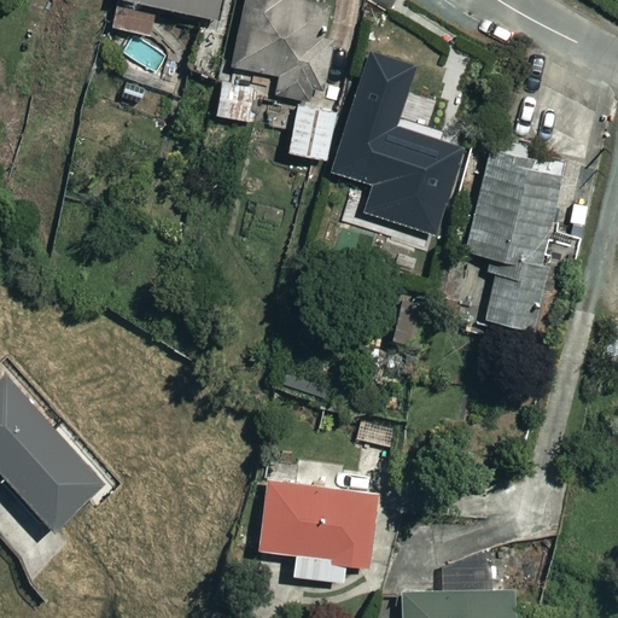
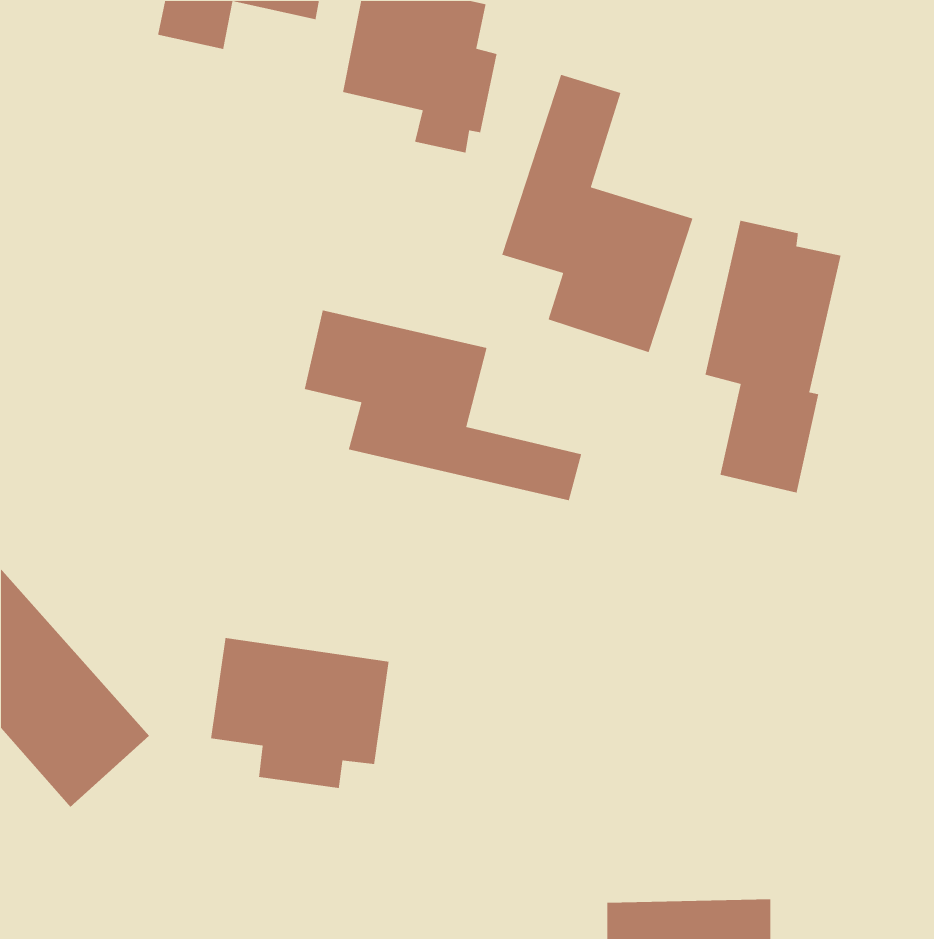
building: [288,104,342,161] -> none
building: none -> [304,310,582,501]
building: [258,480,375,579] -> [210,637,389,789]

